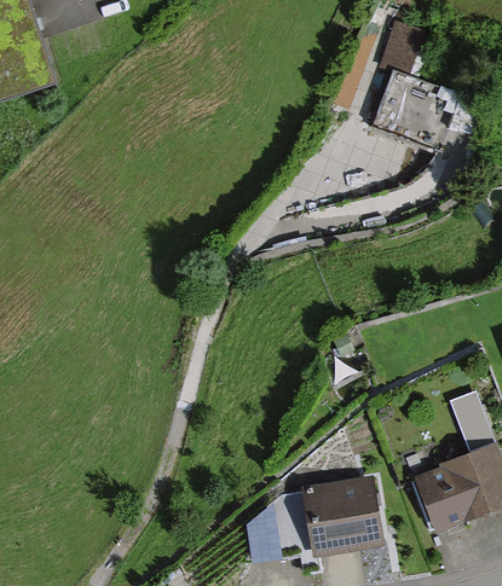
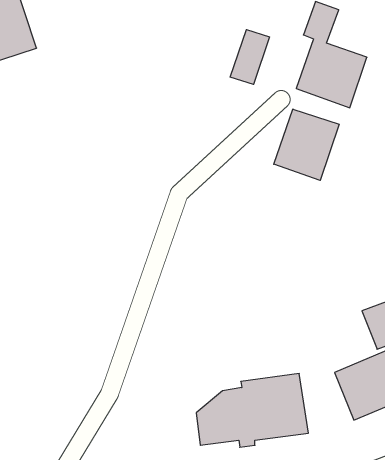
building: none -> [230,30,270,84]
building: none -> [274,109,339,180]

